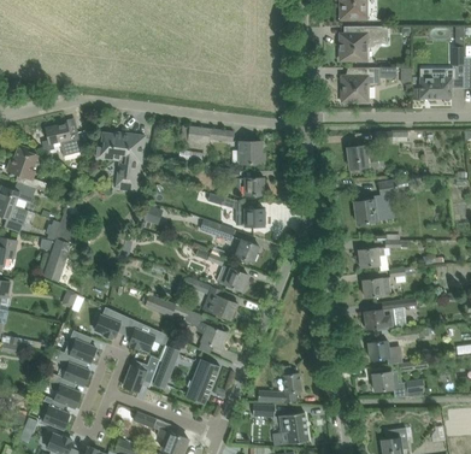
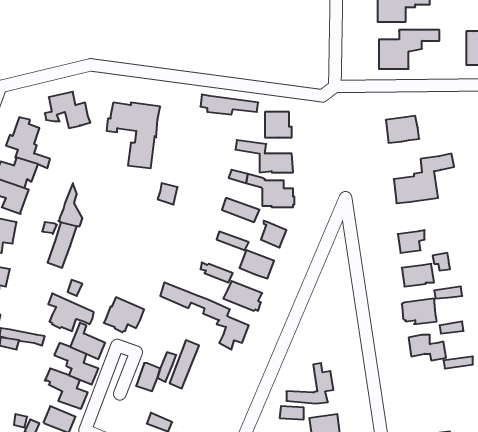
building: [126,318,167,352] -> [48,293,94,331]
building: [184,359,219,405] -> none
building: [371,371,424,396] -> none

